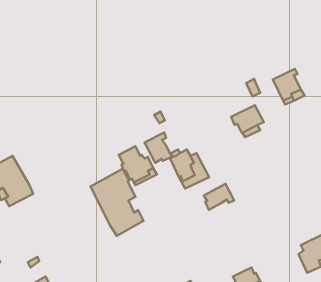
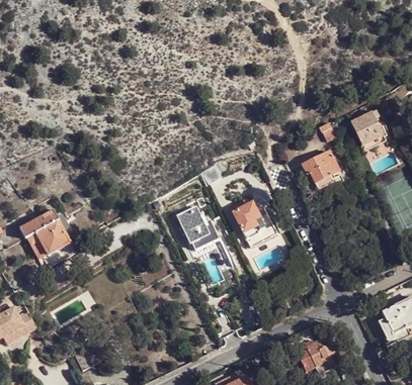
building: [145,133,172,163] -> none
building: [91,169,144,236] -> none
building: [204,184,234,210] -> none

